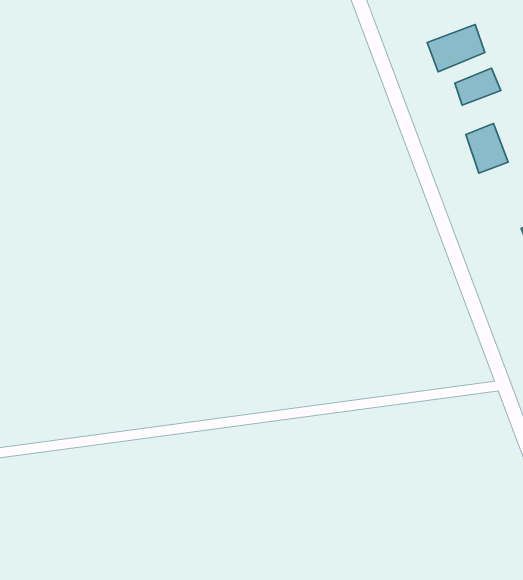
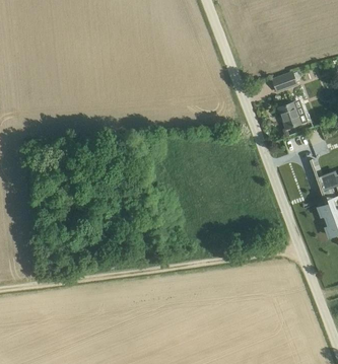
building: [427,25,485,72] -> none

